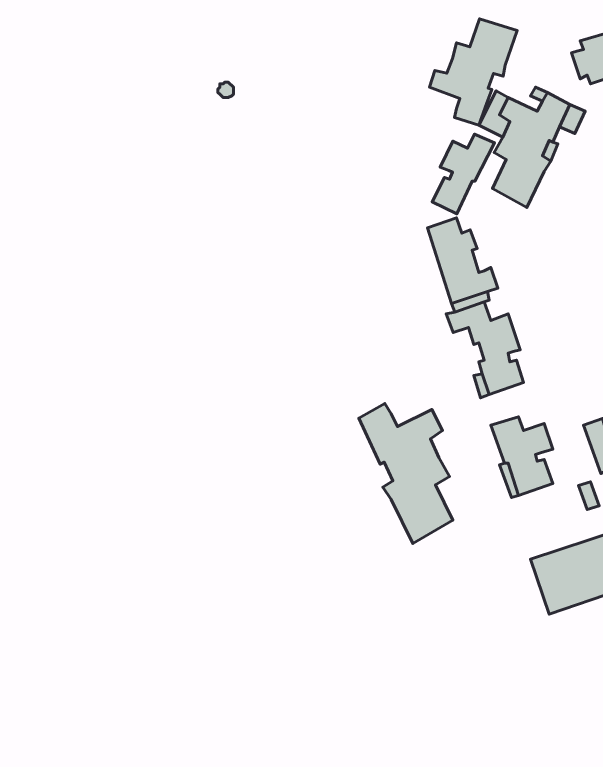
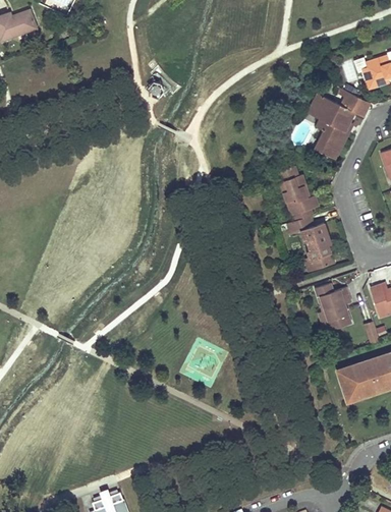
building: [430,19,517,125] -> none
building: [432,134,494,214] -> none
building: [359,404,453,543] -> none

